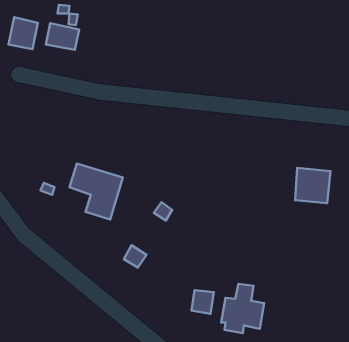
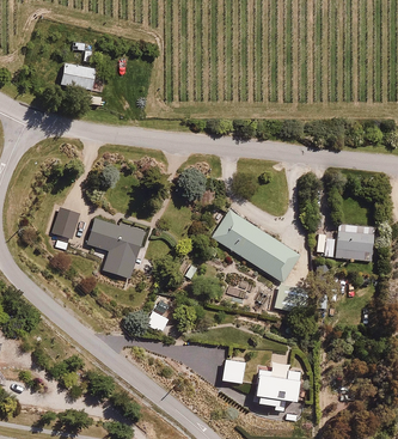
building: [9,17,38,49] -> none
building: none -> [50,207,79,238]
building: none -> [210,207,299,282]

